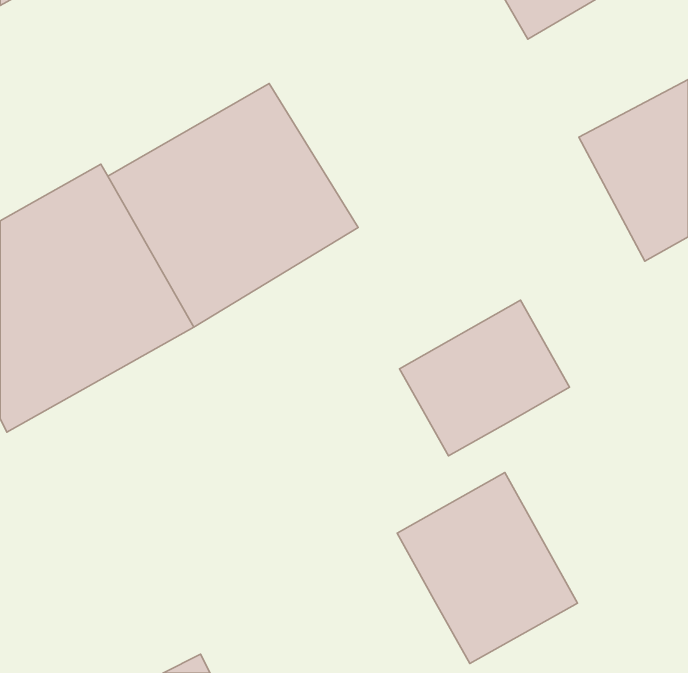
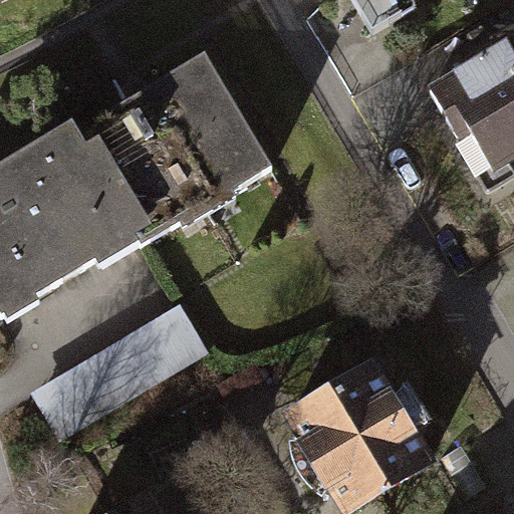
building: [399,300,570,456] -> none
building: none -> [36,298,212,435]

